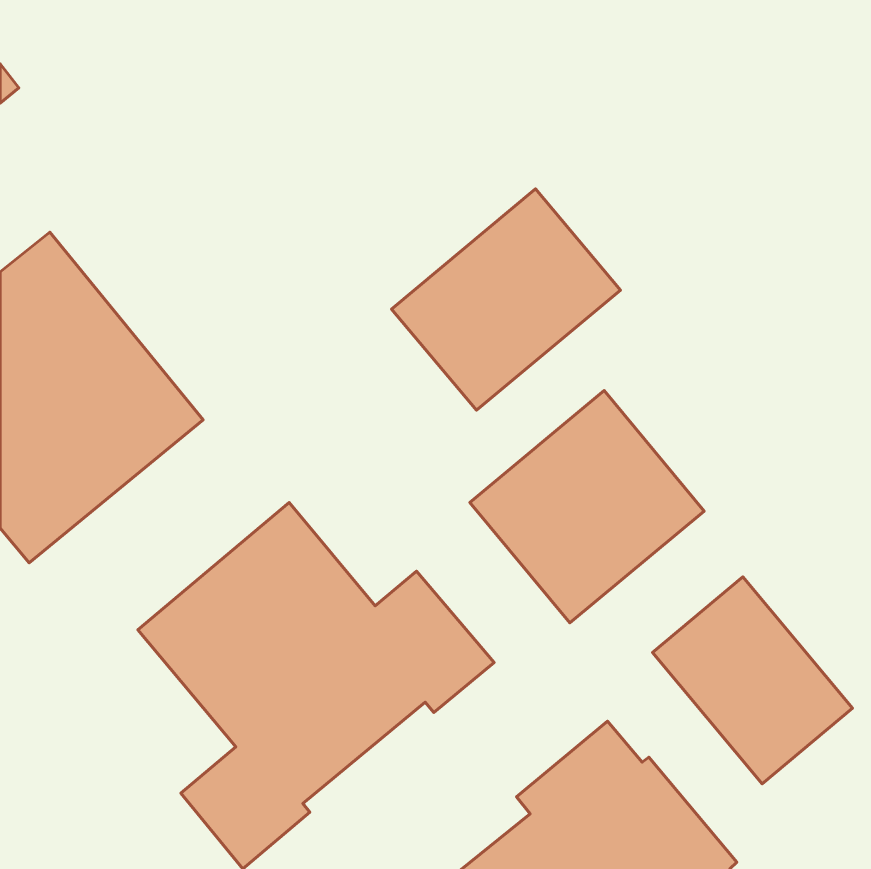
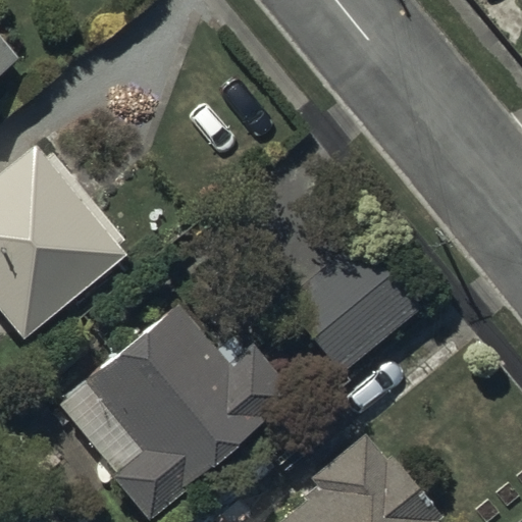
building: [391,189,621,410] -> none
building: [653,577,852,784] -> none

